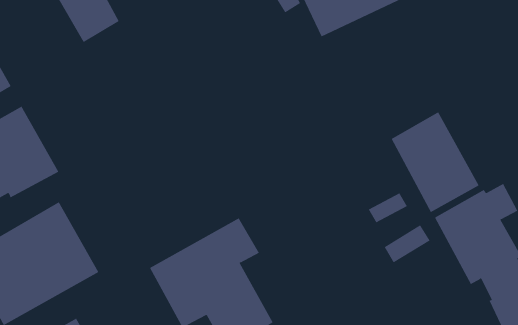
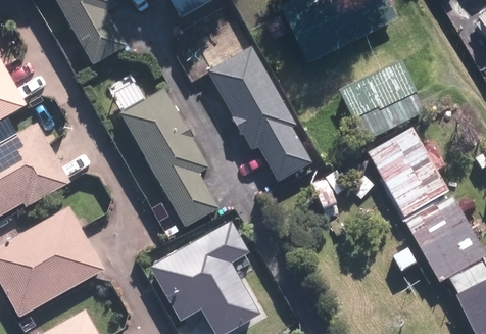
building: none -> [204,45,311,183]
building: none -> [335,60,422,142]
building: none -> [118,88,216,228]

